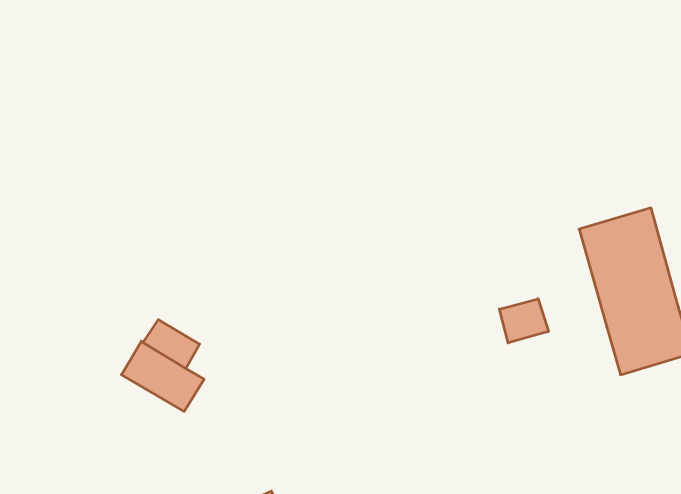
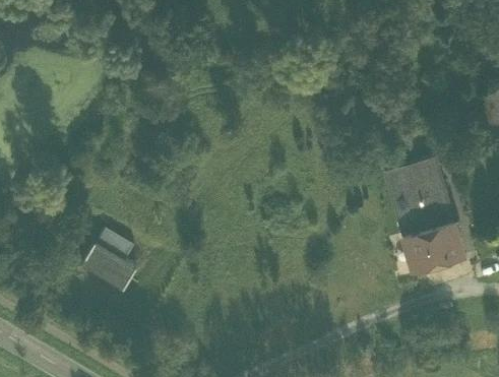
building: [499,299,548,343] -> none

